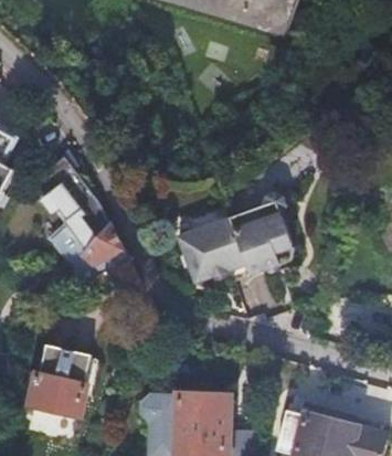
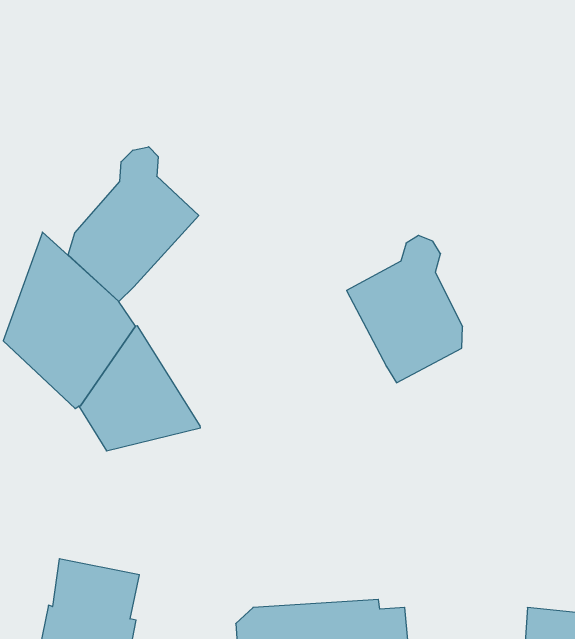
building: none -> [68,147,199,301]
building: [180,219,248,284] -> none

